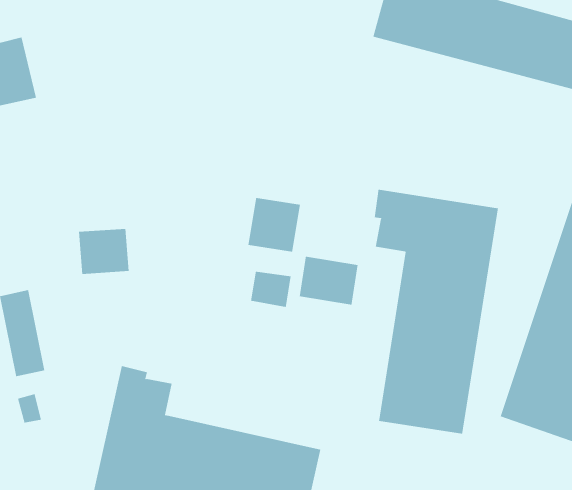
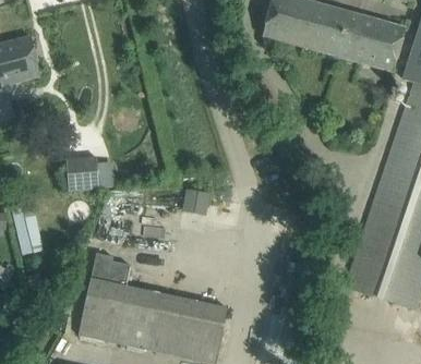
building: [374,189,499,434] -> none
building: [248,197,300,253] -> none
building: [299,256,358,306] -> none

